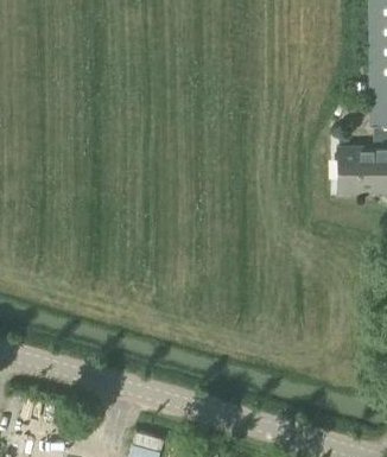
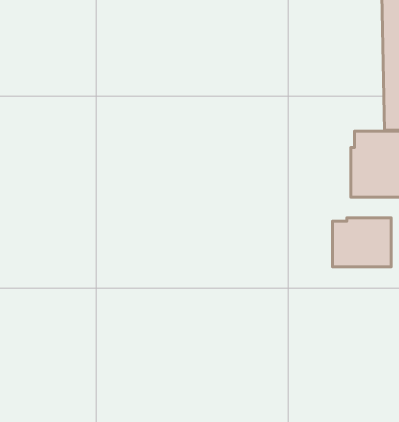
building: none -> [333,218,391,267]

